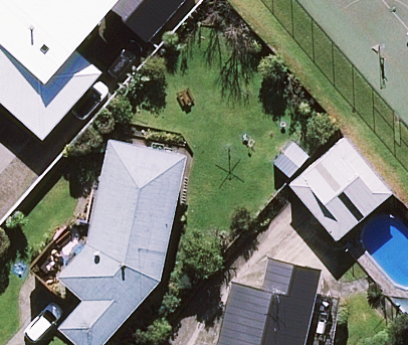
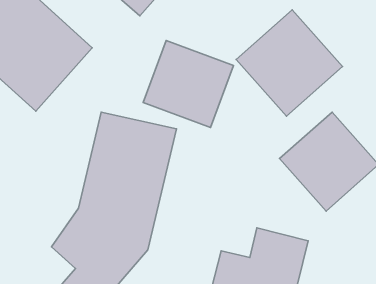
building: none -> [236,10,343,116]
building: none -> [143,41,233,127]

